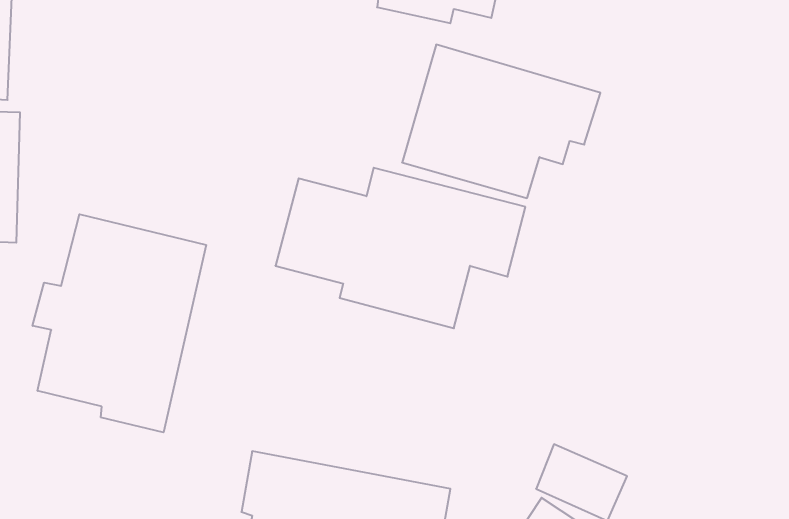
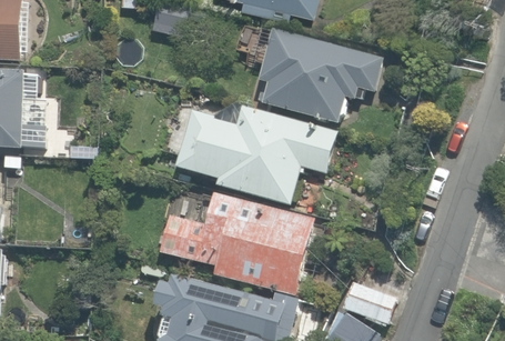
building: [33,214,206,432] -> none
building: none -> [160,193,312,300]

